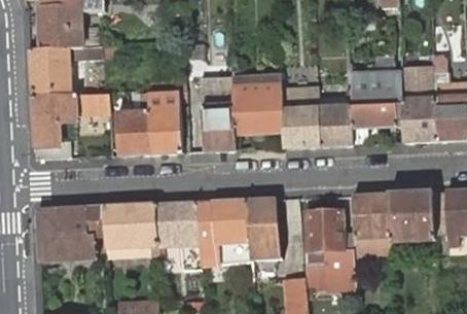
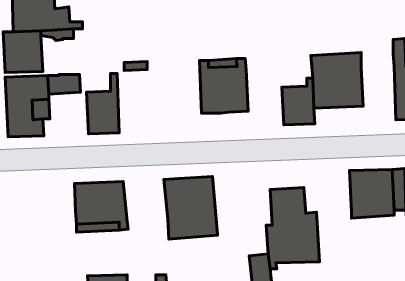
building: [201,76,235,150] -> none
building: [400,84,436,142] -> none
building: [281,86,320,147] -> none
building: [147,90,186,153] -> none
building: [352,193,391,252] -> none
building: [246,198,281,258] -> none
building: [153,202,201,268] -> none
building: [36,206,104,259] -> none

